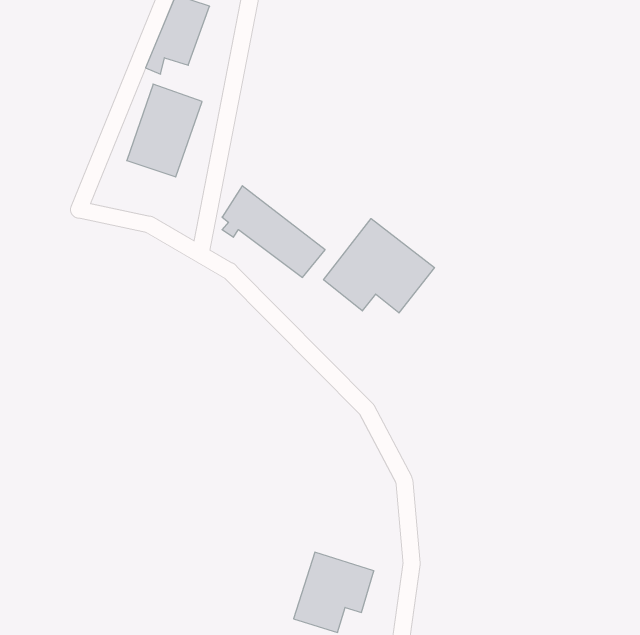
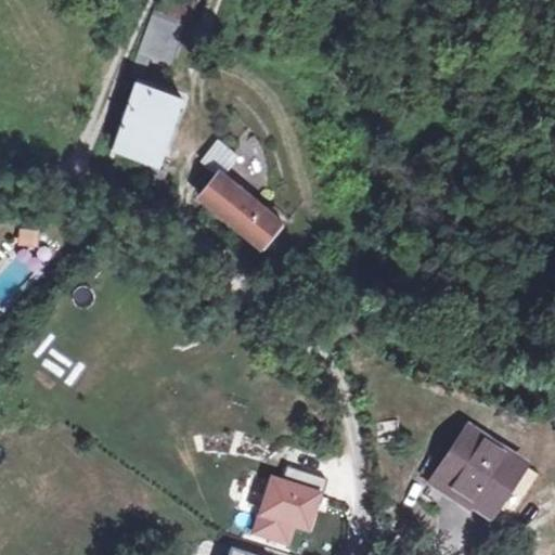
building: [324,219,434,313] -> none
building: none -> [427,428,539,538]

